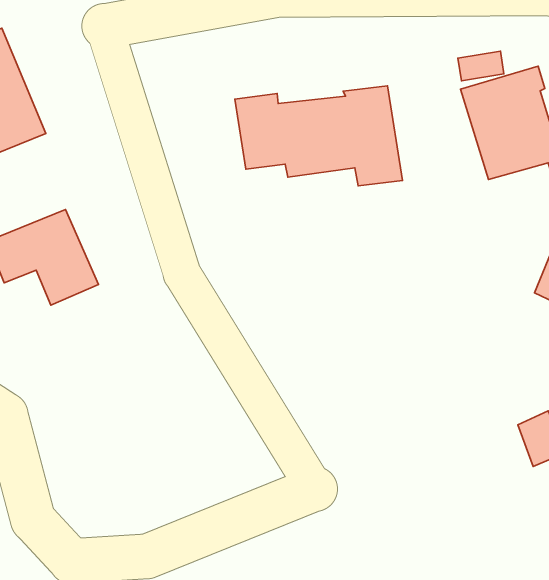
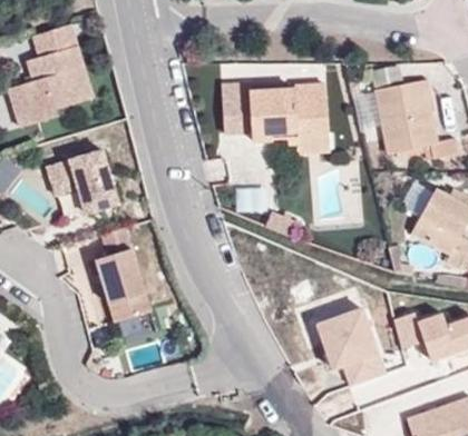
building: none -> [97,226,152,320]
building: none -> [318,308,386,386]

